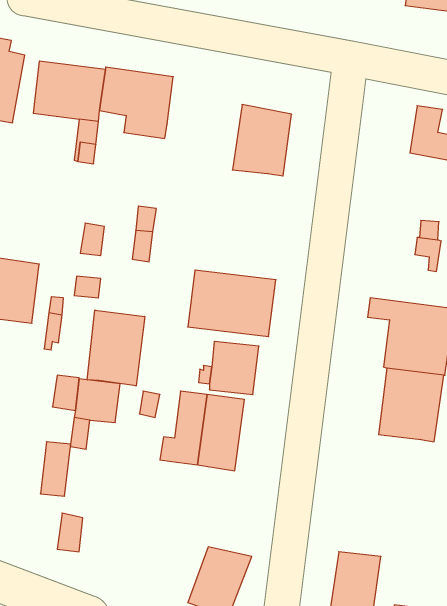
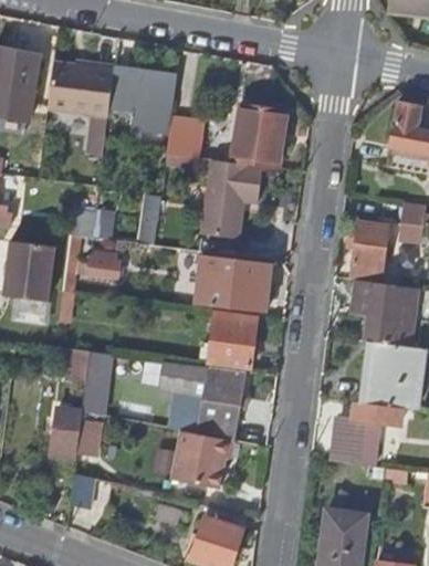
building: none -> [166,119,203,158]
building: none -> [203,159,262,240]
building: none -> [352,221,387,279]
building: [87,310,145,386] -> none
building: none -> [333,402,402,465]
building: none -> [171,429,232,485]

